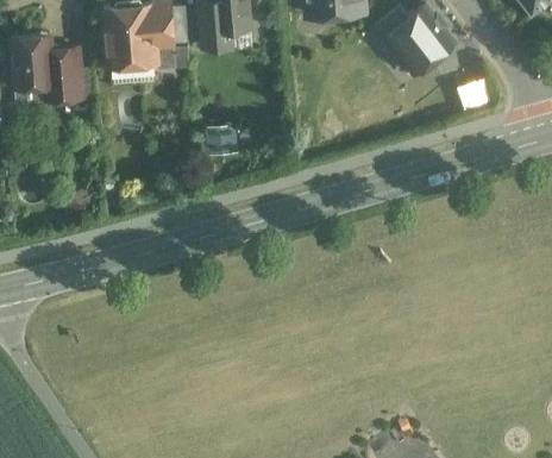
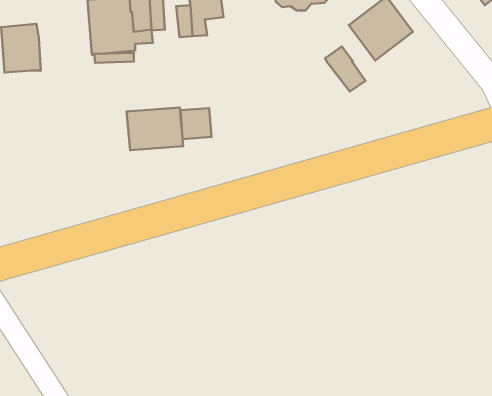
building: [44,48,83,101] -> none
building: none -> [325,47,366,92]
building: none -> [127,107,183,150]

